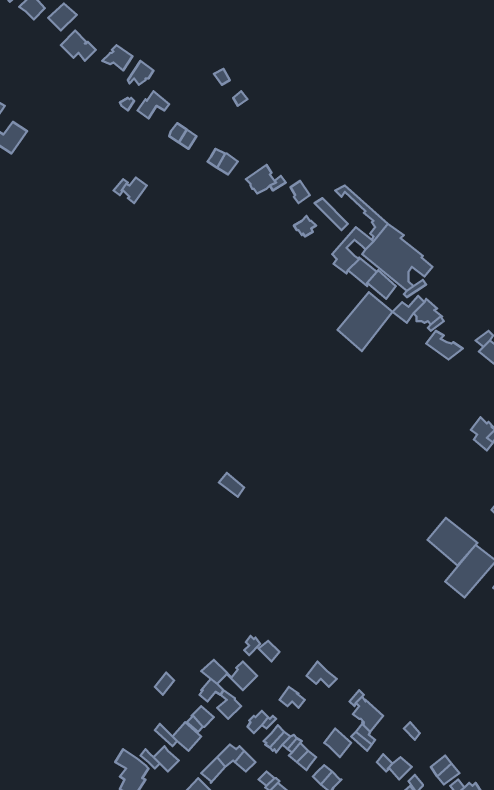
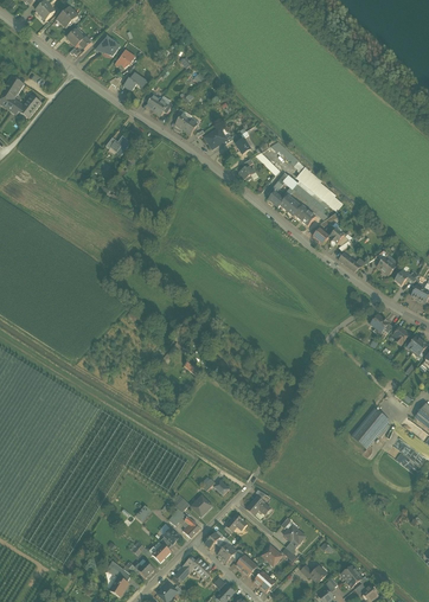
building: [338,292,393,351] -> none
building: [427,518,477,565] -> none

